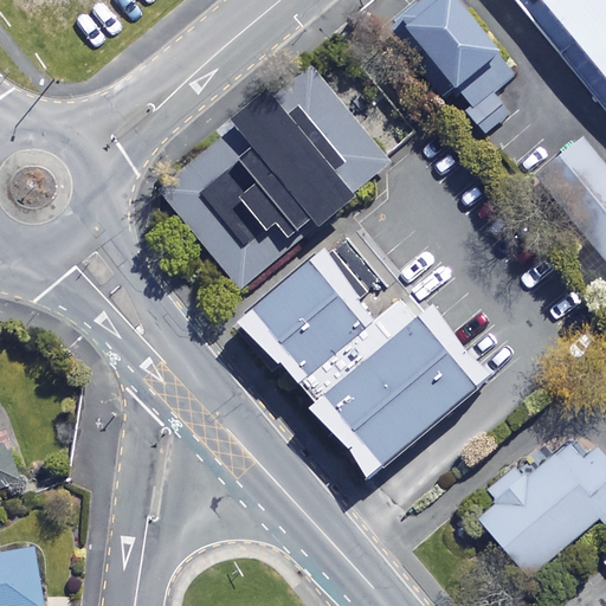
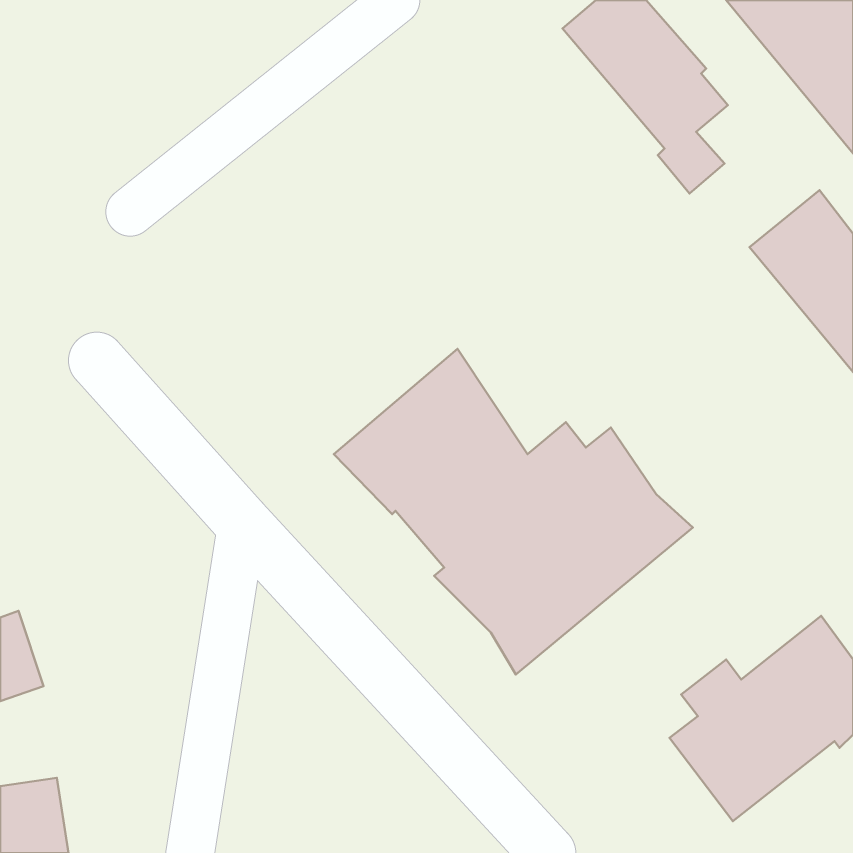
building: [157,65,392,288] -> none

